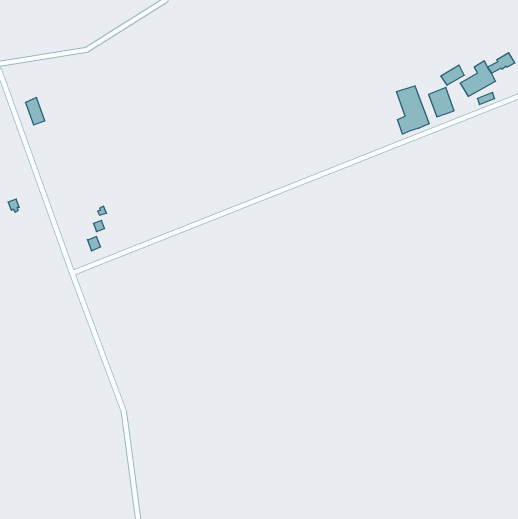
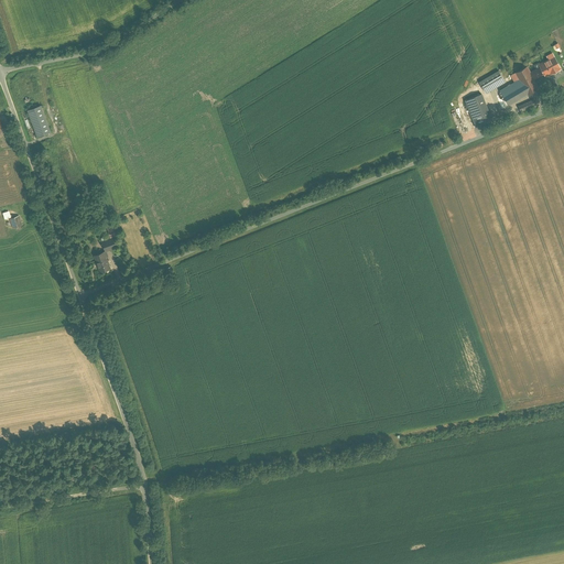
building: [397,86,429,134] -> none

